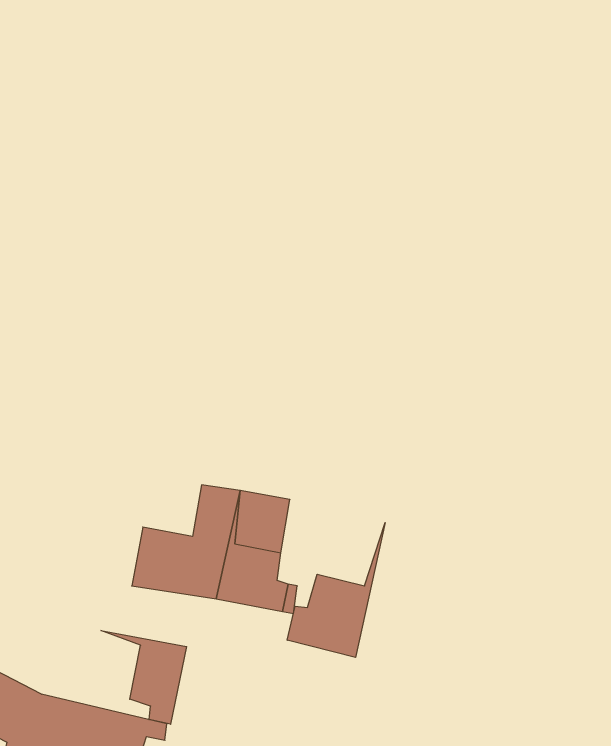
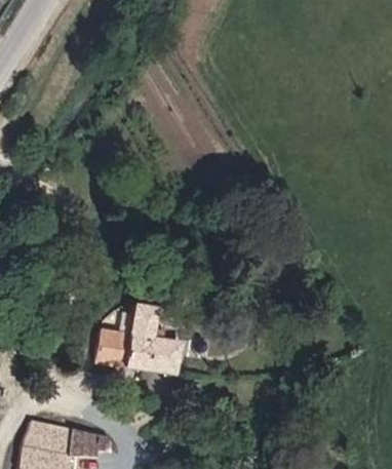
building: [287,523,385,657] -> none
building: [101,631,187,724] -> none

